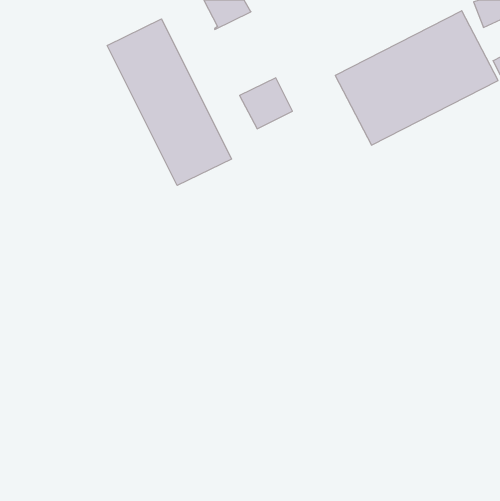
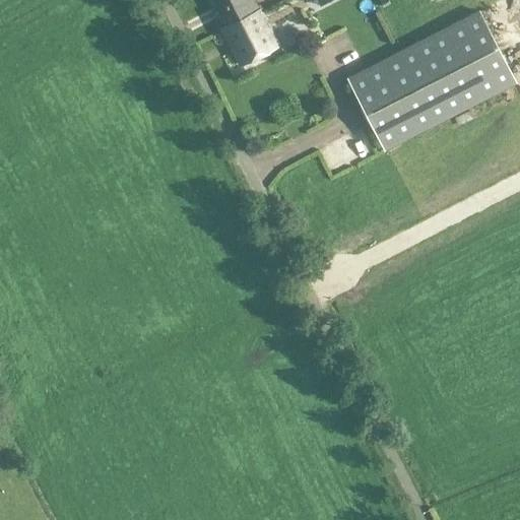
building: [107,19,232,185] -> none
building: [240,78,292,129] -> [223,12,278,65]

